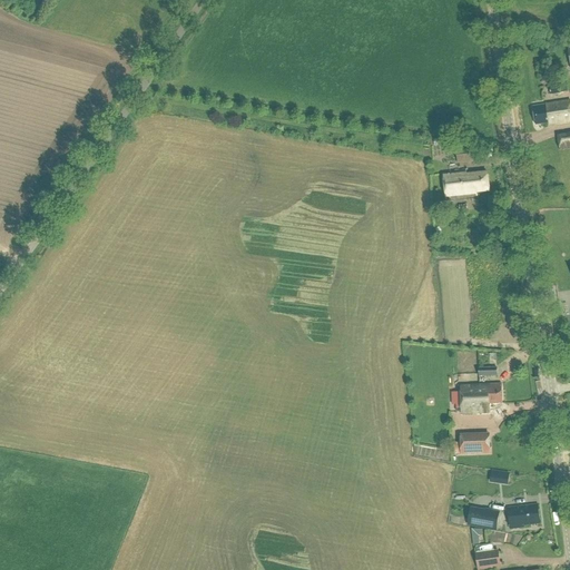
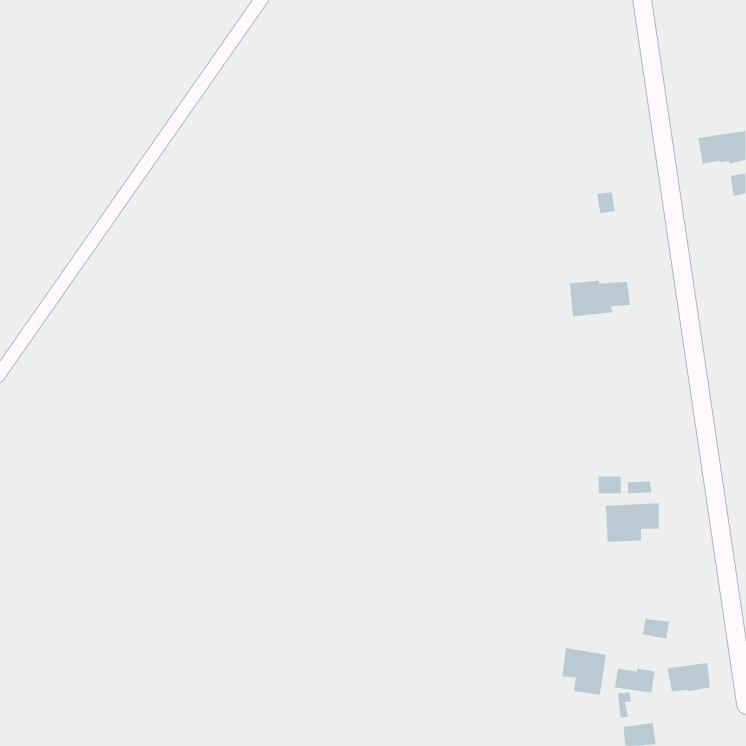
building: [442,169,489,197] -> [569,280,631,317]
building: [458,431,489,453] -> none
building: none -> [562,647,606,696]

